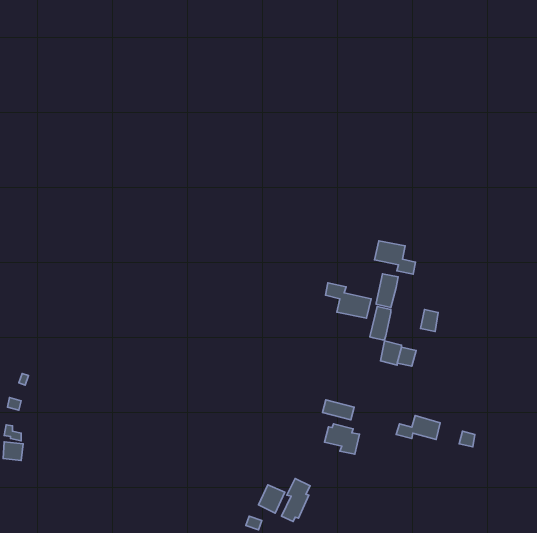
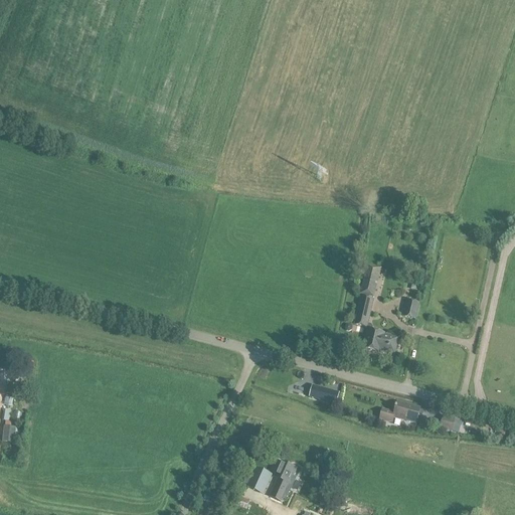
building: [375,241,415,274] -> none
building: [325,283,371,318] -> none
building: [324,424,359,454] -> none

